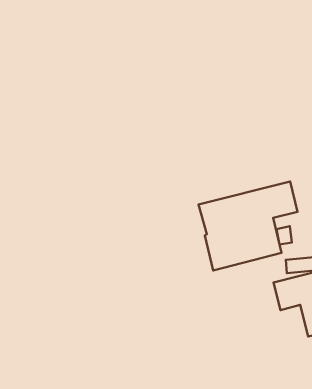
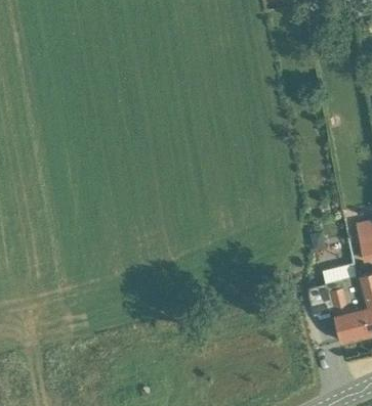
building: [199,181,297,270] -> none

